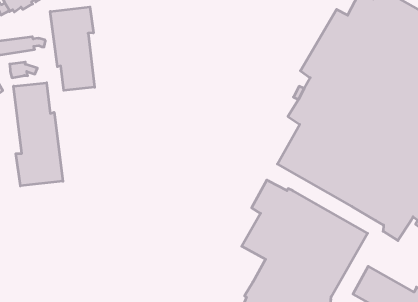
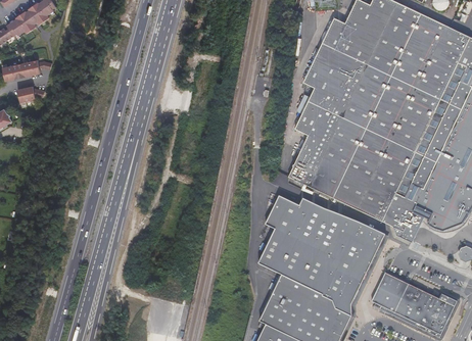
building: [50,7,95,90] -> none
building: [14,83,63,186] -> none

